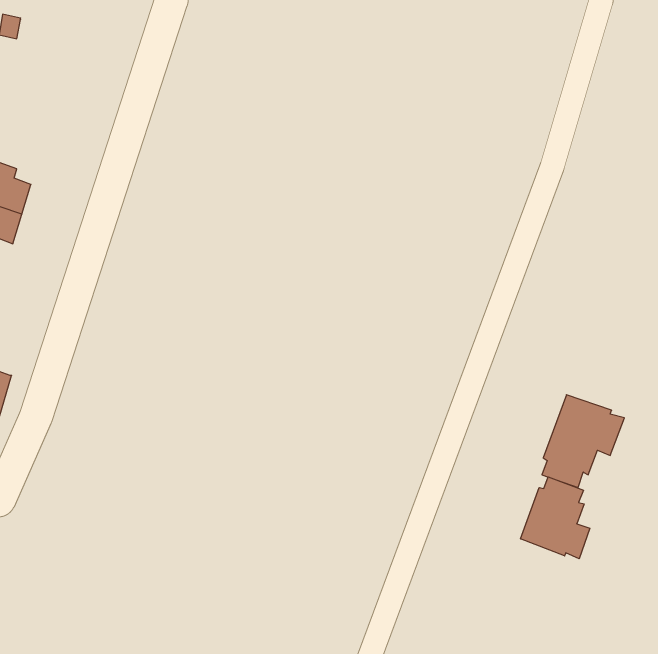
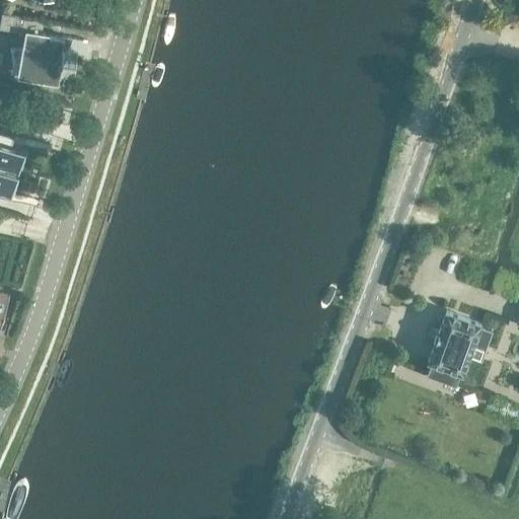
building: none -> [18,34,67,84]
building: [521,477,590,559] -> none

